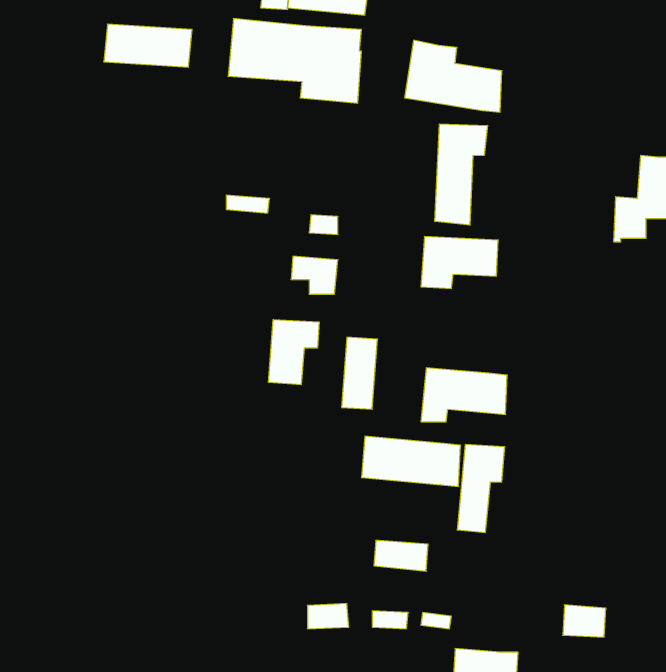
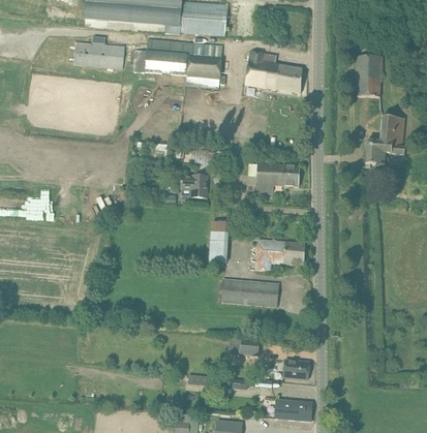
building: none -> [355,55,383,96]
building: [435,124,488,225] -> none
building: [268,319,319,385] -> none
building: [457,444,505,533] -> none
building: [563,605,606,637] -> [284,359,309,377]

